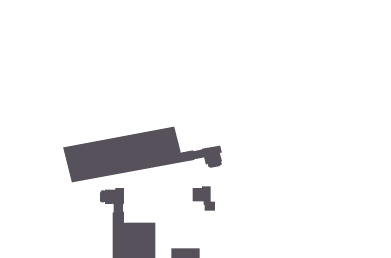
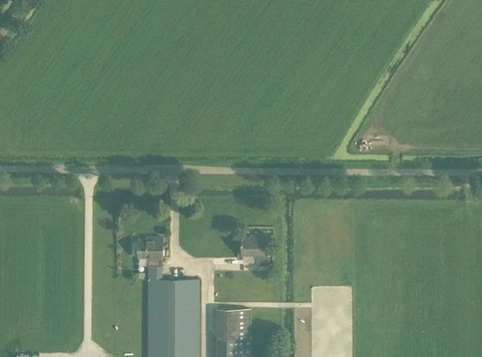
building: [62,126,223,183] -> none

